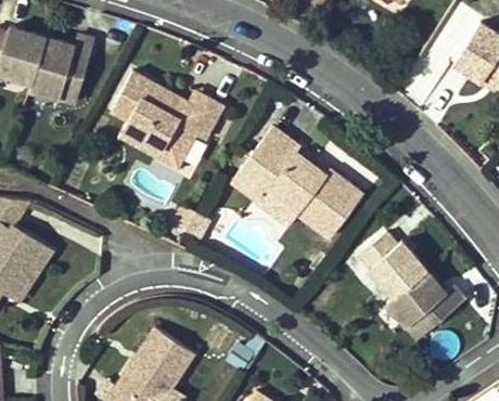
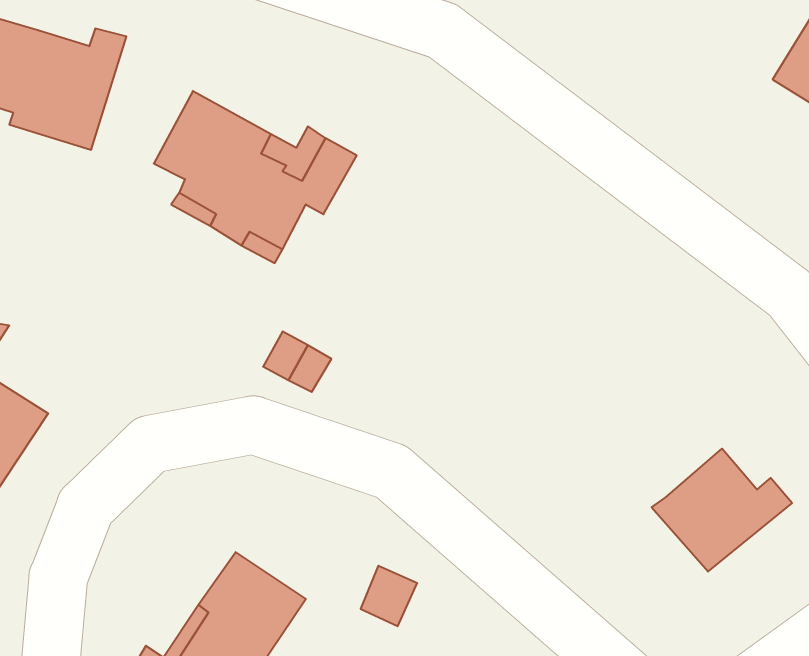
building: [232,127,363,237] -> none
building: [360,232,426,296] -> none

